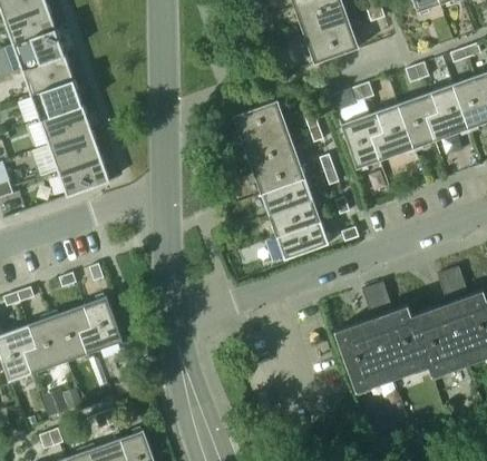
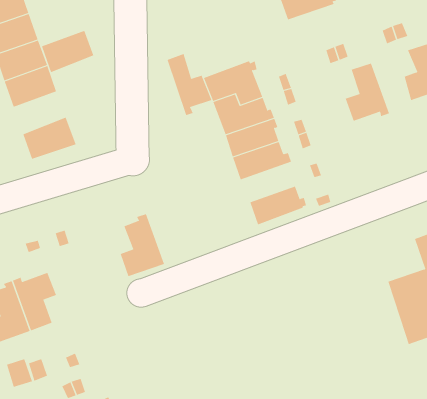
building: [395,90,438,151] -> none
building: none -> [167,53,212,116]
building: [339,109,382,170] -> none
building: [48,130,99,171] -> [41,30,94,73]
building: [267,198,321,237] -> none
building: [332,282,427,391] -> none
building: [78,293,121,354] -> [120,213,165,277]

